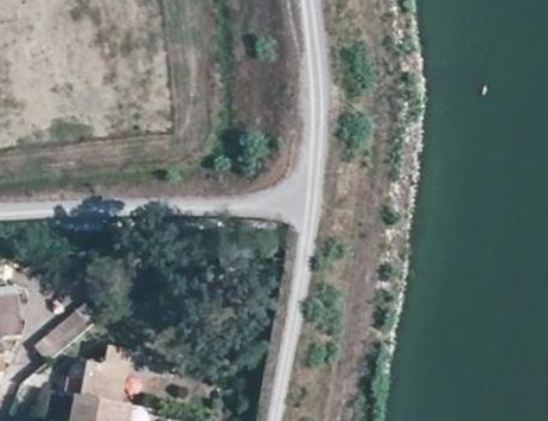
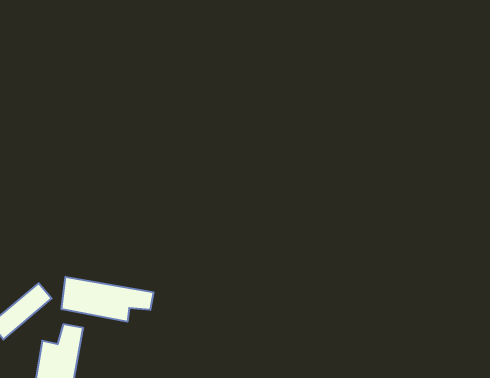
building: none -> [62,277,153,322]

